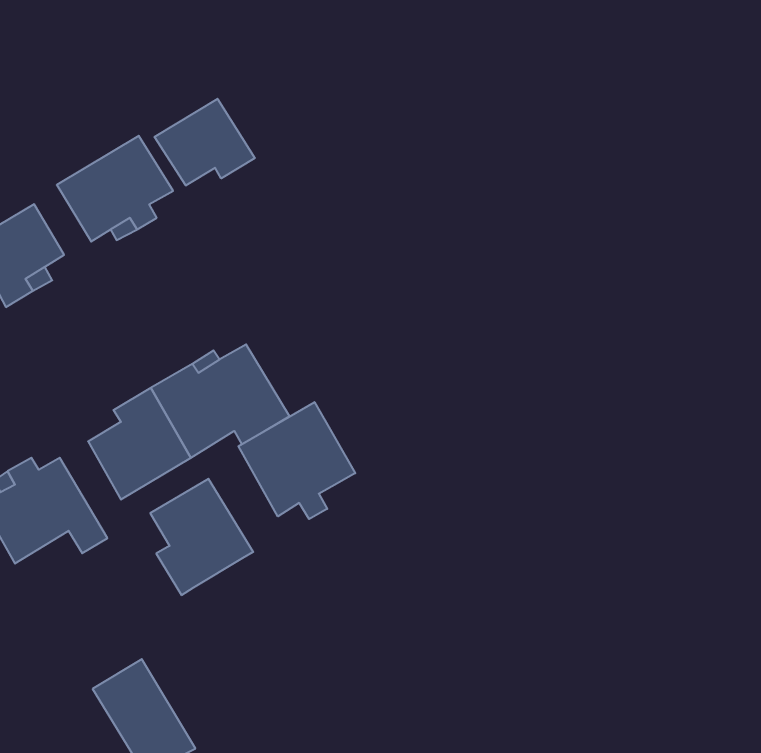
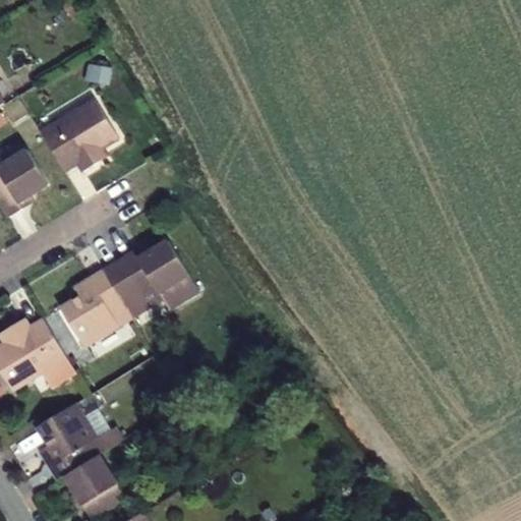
building: [155,99,255,186] -> none
building: [238,402,355,519] -> none
building: [150,479,253,595] -> [34,402,104,481]

